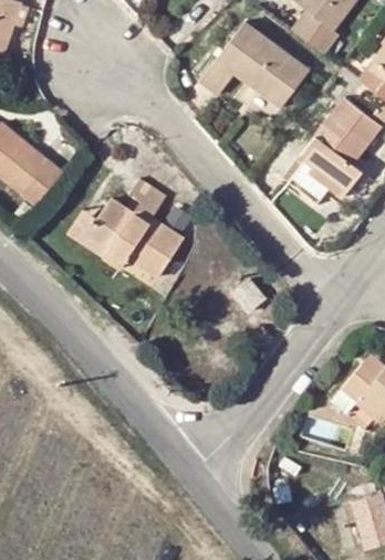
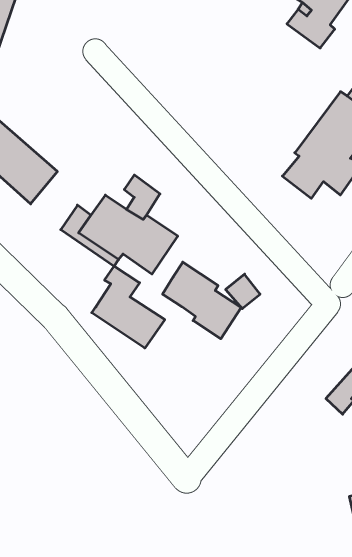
building: [197,19,310,108] -> none
building: none -> [163,262,241,339]
building: none -> [92,266,165,348]

